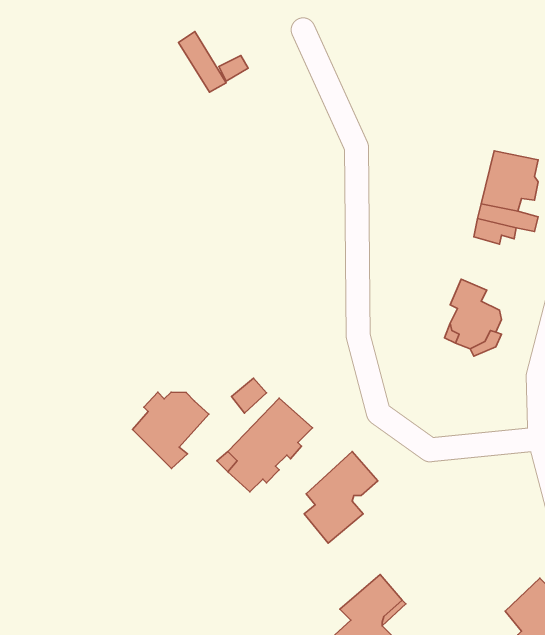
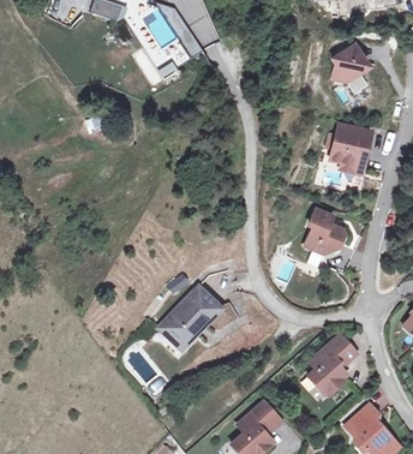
building: none -> [331,44,366,82]
building: [133,392,209,469] -> none
building: [304,452,378,543] -> [309,334,357,394]

